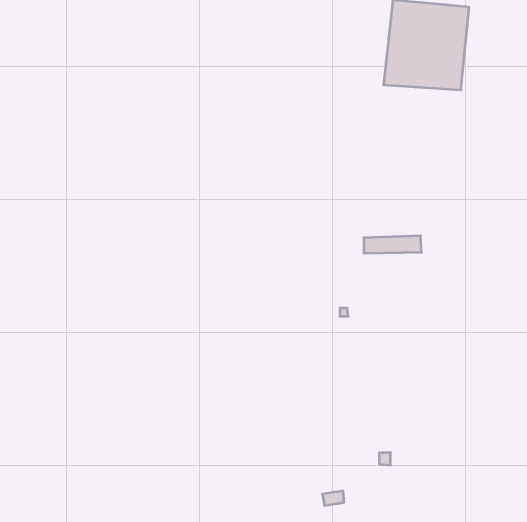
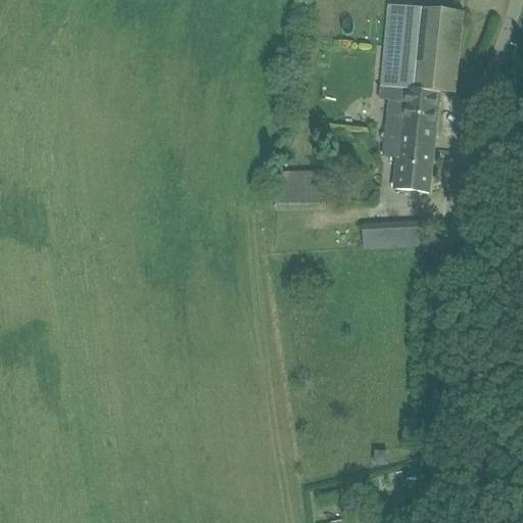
building: none -> [378,84,439,188]

